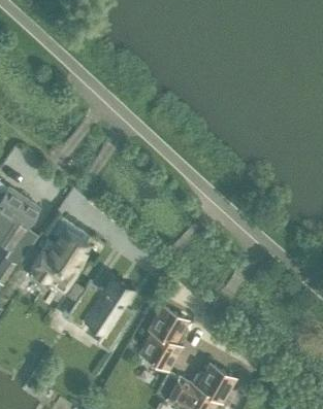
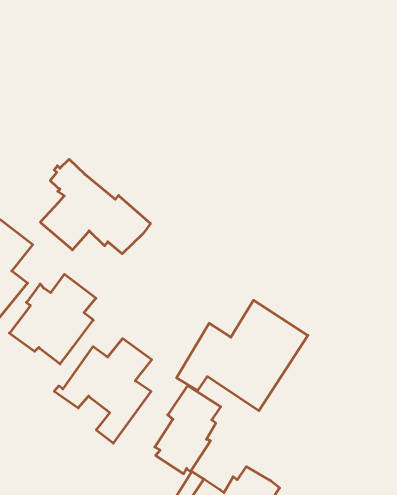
building: none -> [41,159,150,254]
building: none -> [177,300,308,411]

